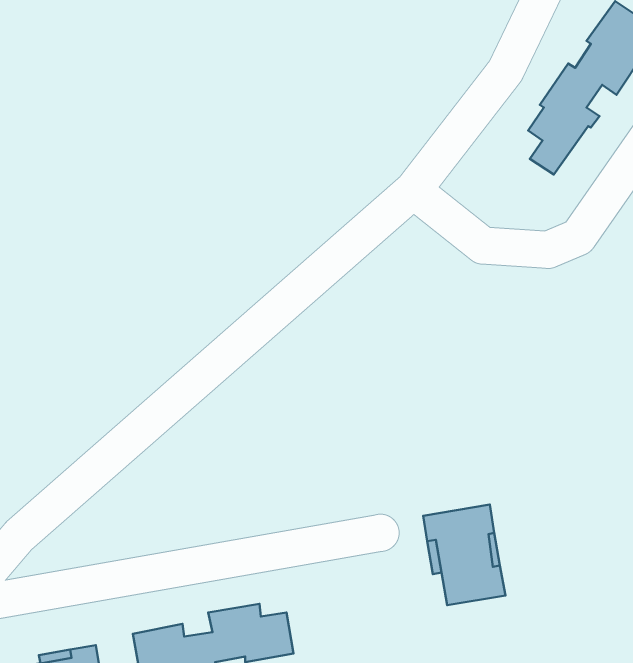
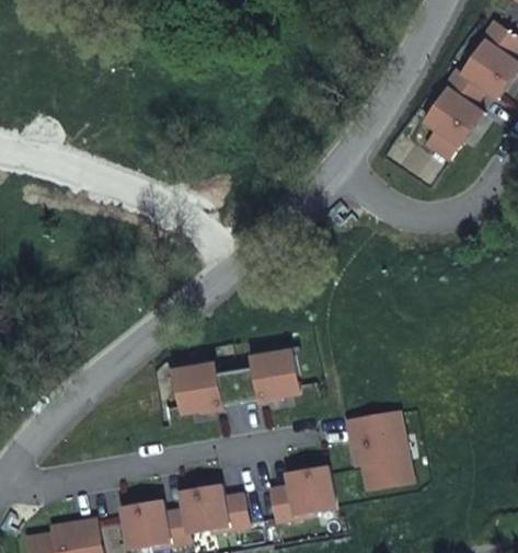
building: none -> [175,353,298,412]
building: none -> [269,469,333,520]

